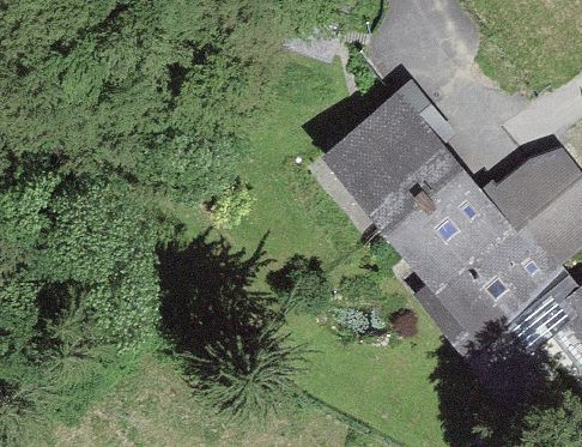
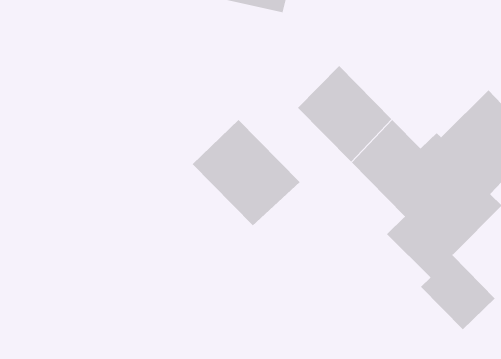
building: none -> [192,119,301,226]

